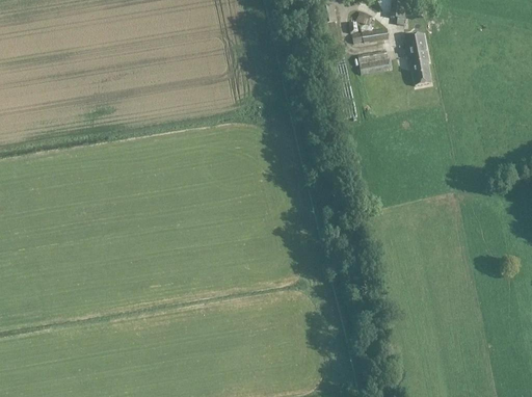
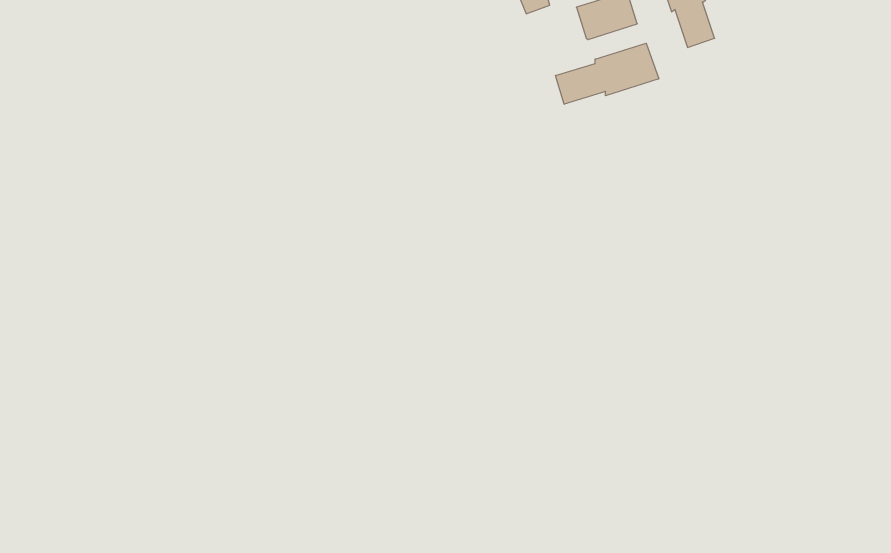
building: none -> [556,43,659,104]

